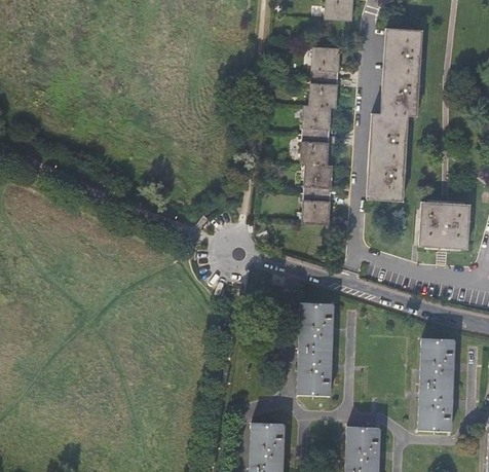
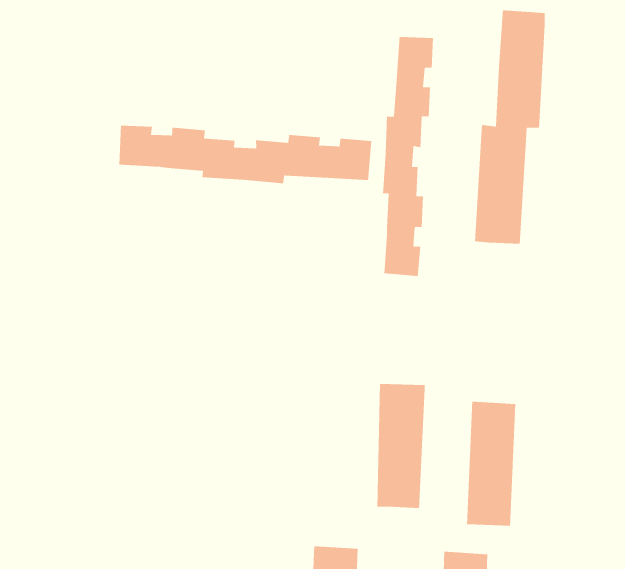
building: none -> [118,125,372,184]
building: [419,201,469,248] -> none
building: [417,337,454,430] -> [466,401,516,527]

